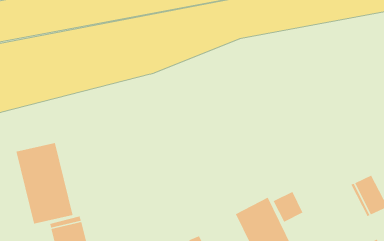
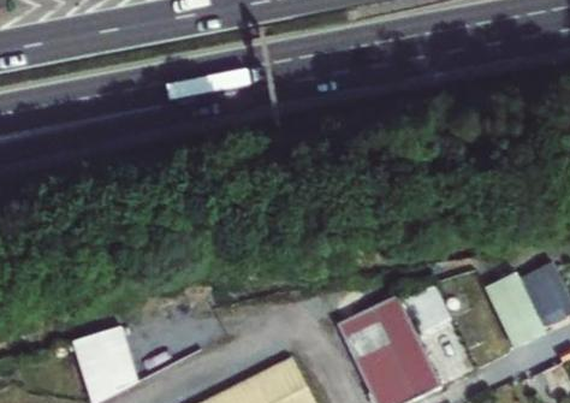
building: [15,142,74,224] -> none
building: none -> [480,277,540,352]

